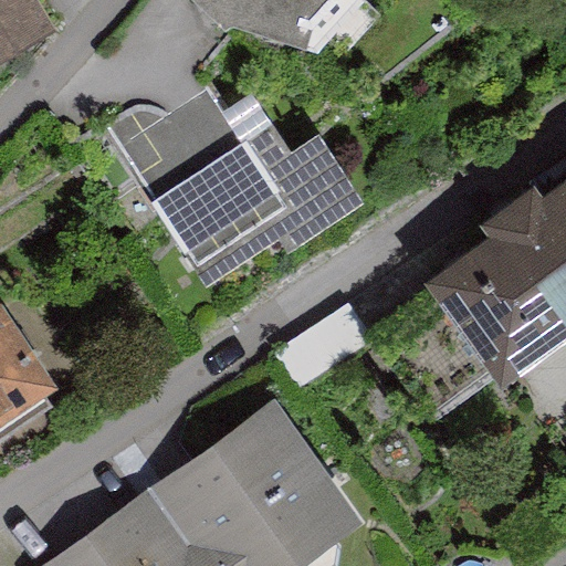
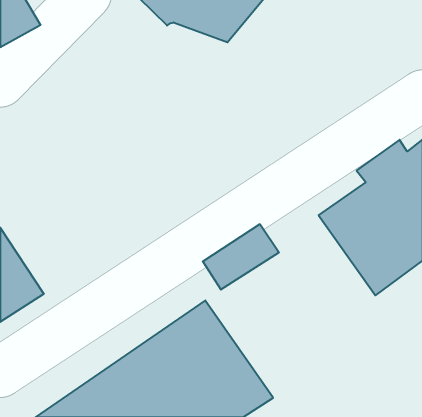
building: [134,95,359,290] -> none

